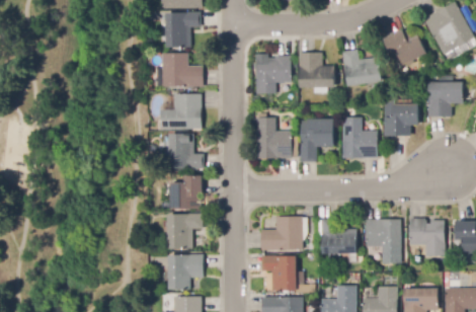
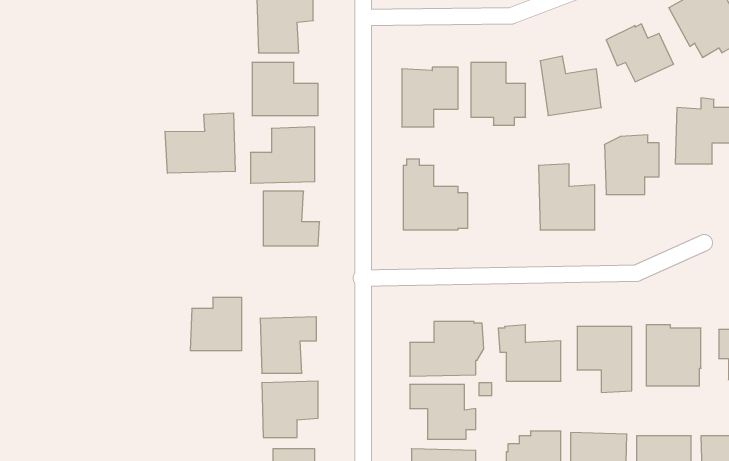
building: none -> [165,113,235,173]
building: [300,120,333,162] -> none
building: [169,175,202,209] -> [190,297,242,351]

